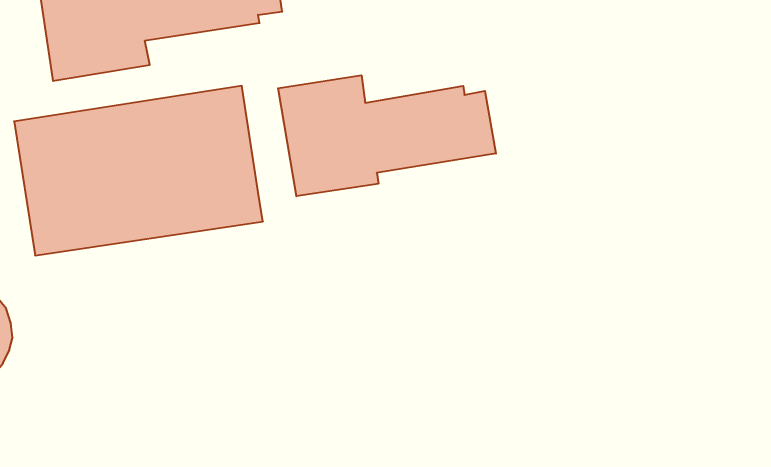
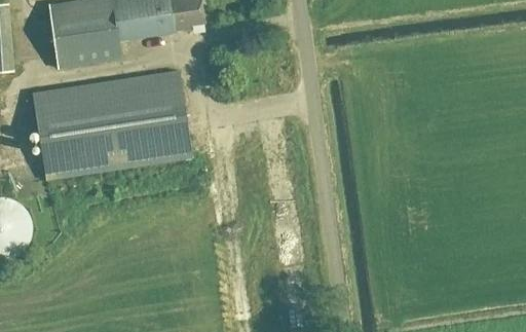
building: [278,75,496,196] -> none

